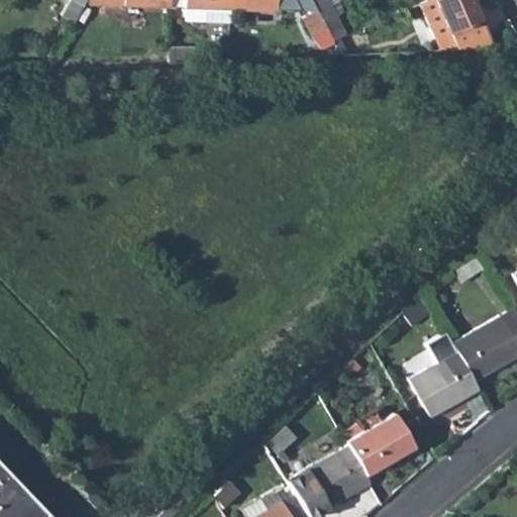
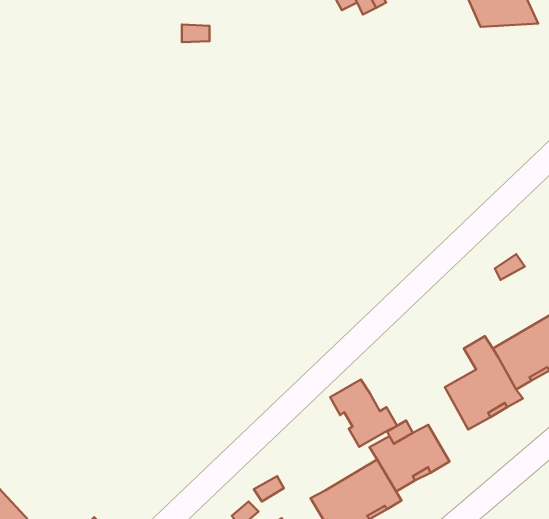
building: none -> [330,380,397,447]

